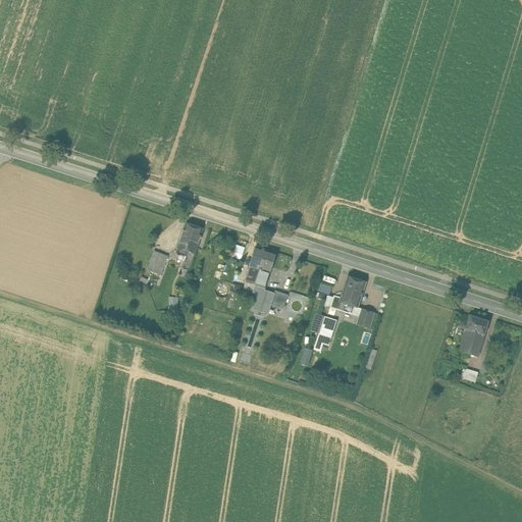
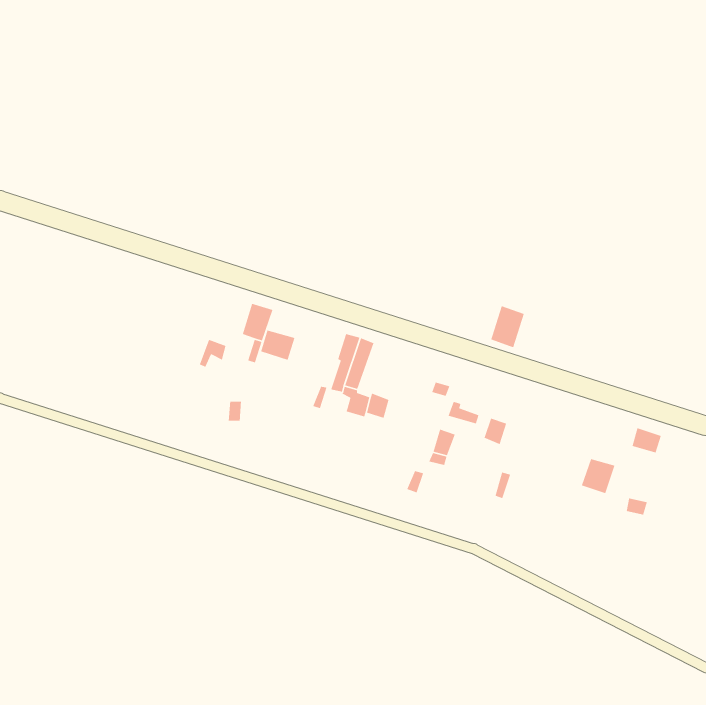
building: none -> [260,329,296,361]
building: [340,275,365,307] -> [490,305,525,348]
building: [459,329,484,356] -> [581,458,615,494]

